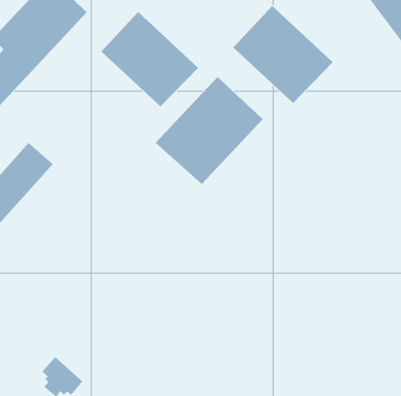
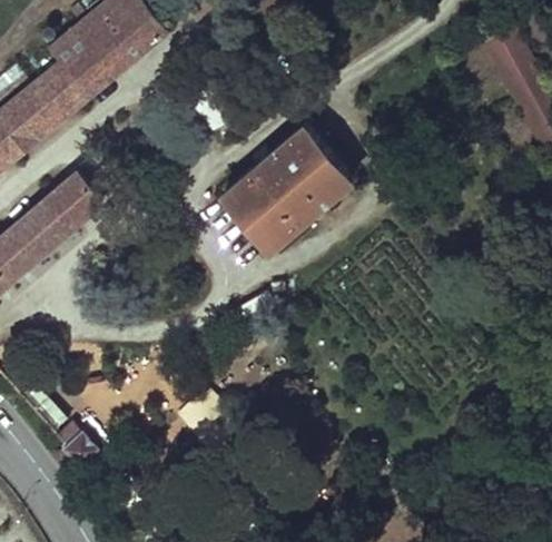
building: [233,5,334,104] -> none
building: [101,11,199,107] -> none

